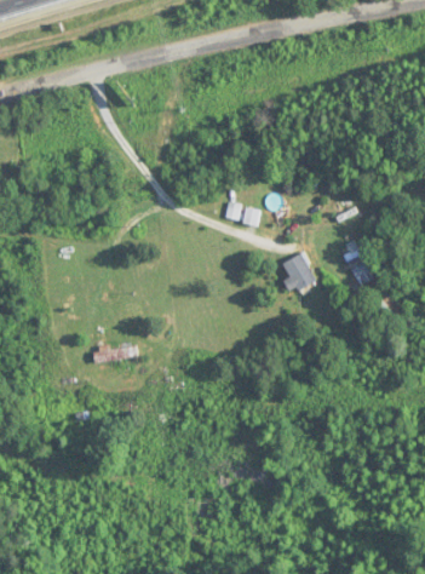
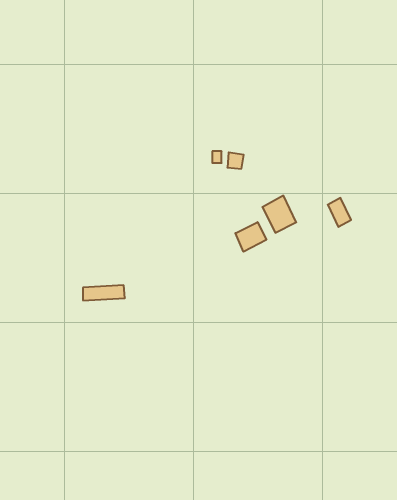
building: none -> [235,222,266,252]

